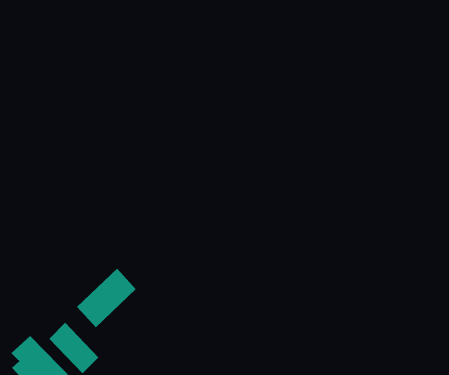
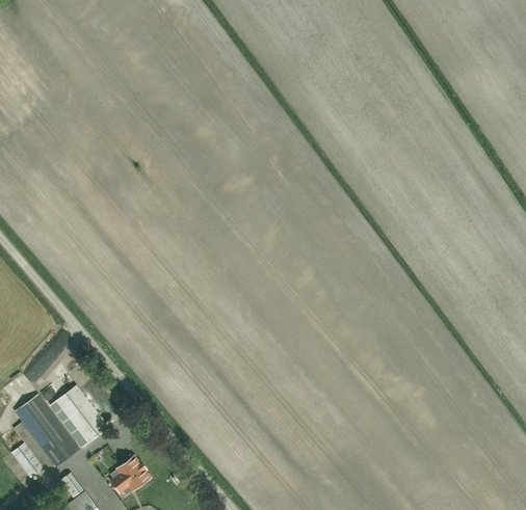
building: [76,268,137,328] -> none

